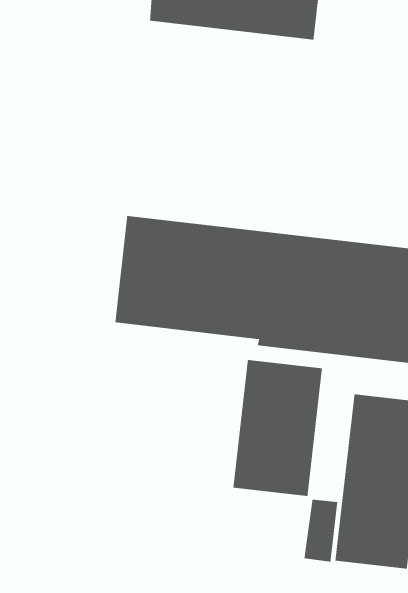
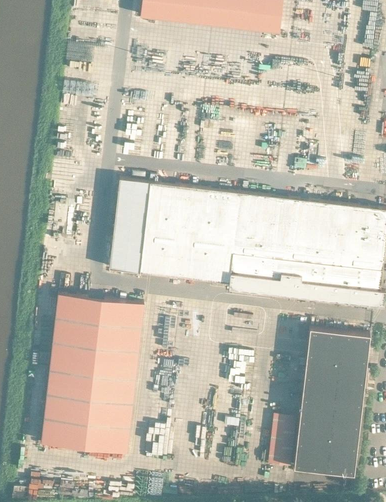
building: none -> [41,295,144,454]
building: [232,359,323,497] -> none

